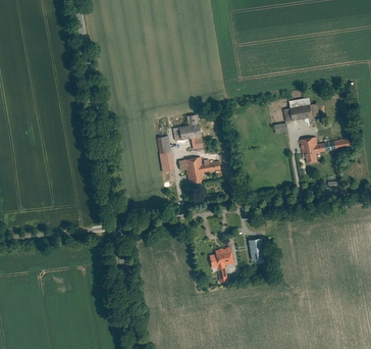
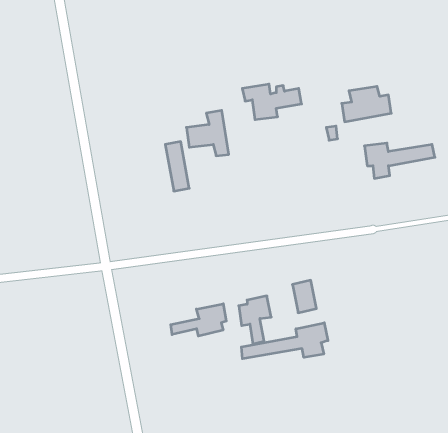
building: [179,158,222,184] -> [242,84,302,120]
building: none -> [171,304,226,336]
building: none -> [241,323,328,359]

